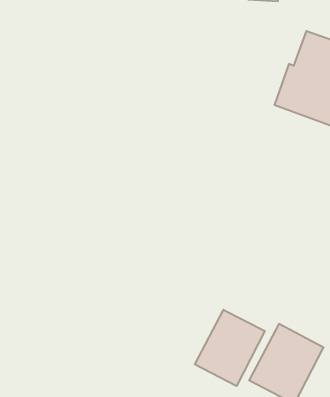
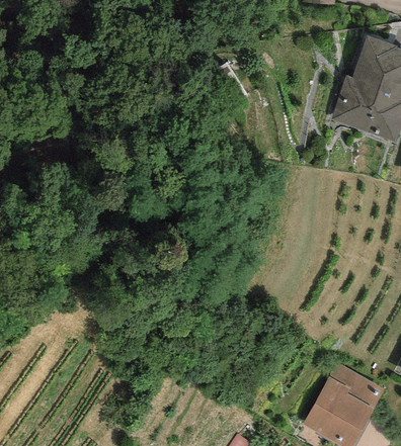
building: [195,310,265,386] -> none

